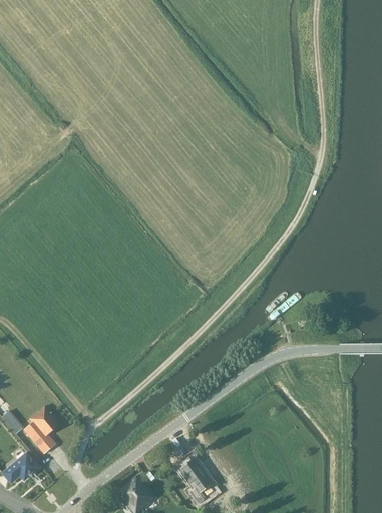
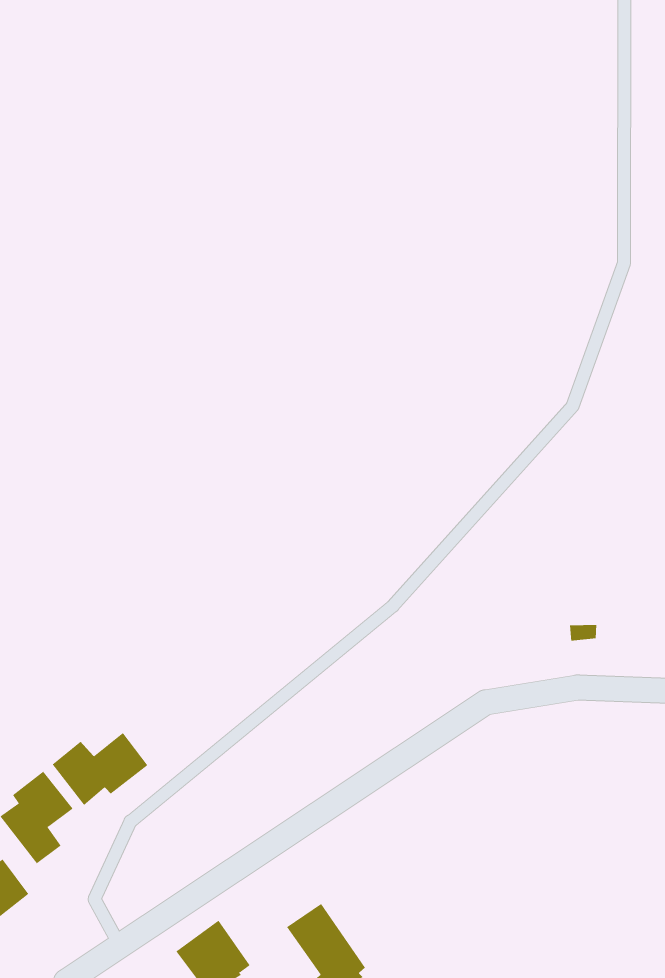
building: none -> [52,732,148,806]

